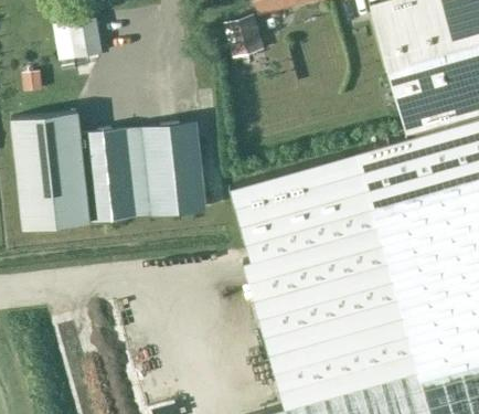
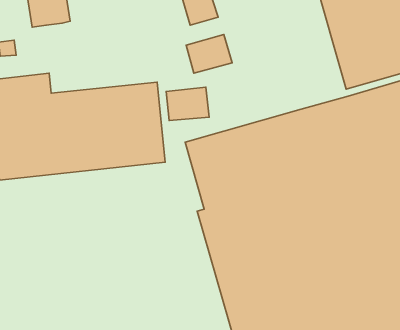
building: none -> [186,34,232,73]
building: none -> [166,87,209,120]

